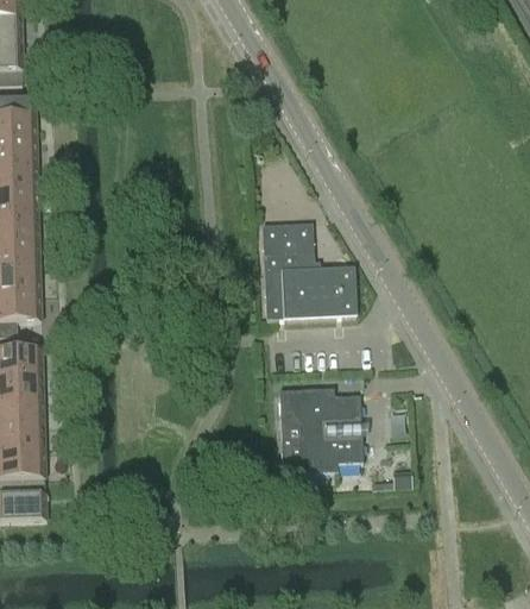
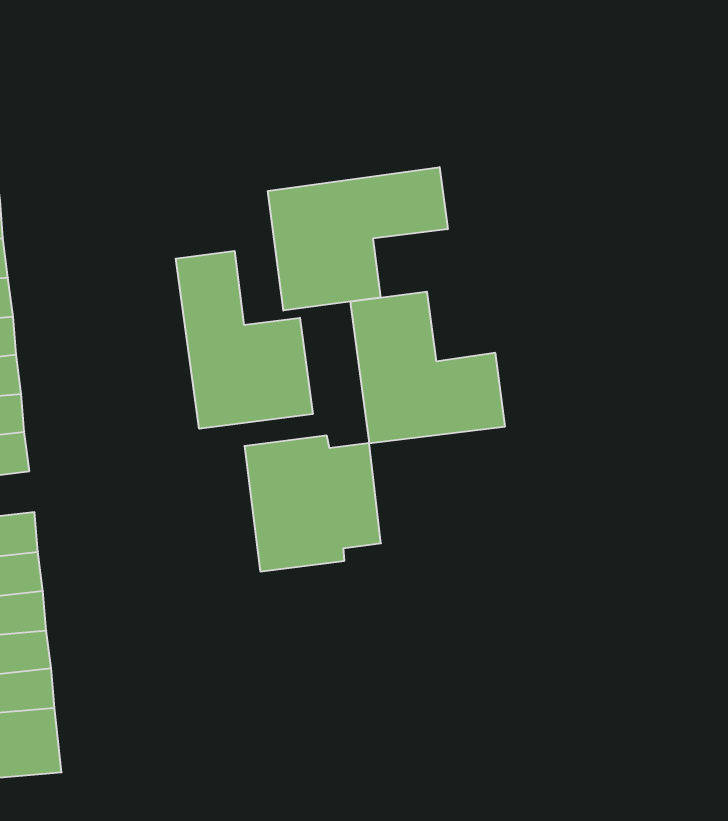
building: none -> [268,167,448,311]
building: none -> [176,251,313,429]
building: [278,387,362,472] -> [244,436,381,571]

